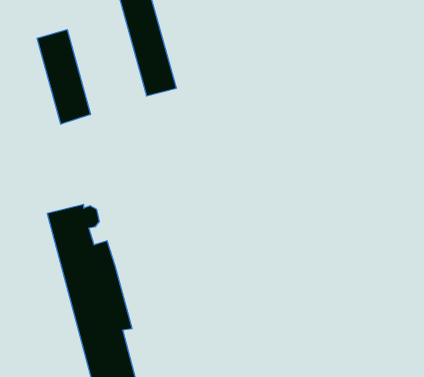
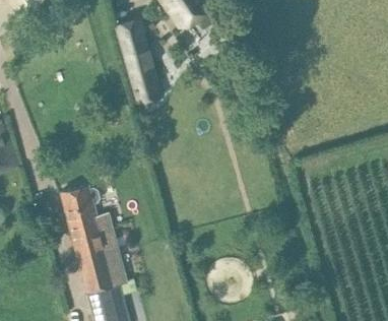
building: [37,30,90,124] -> none

